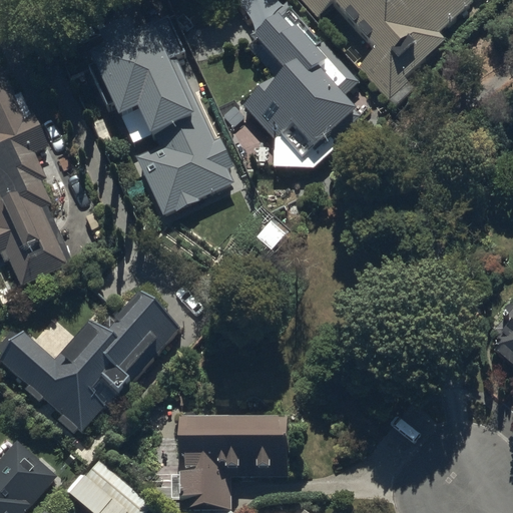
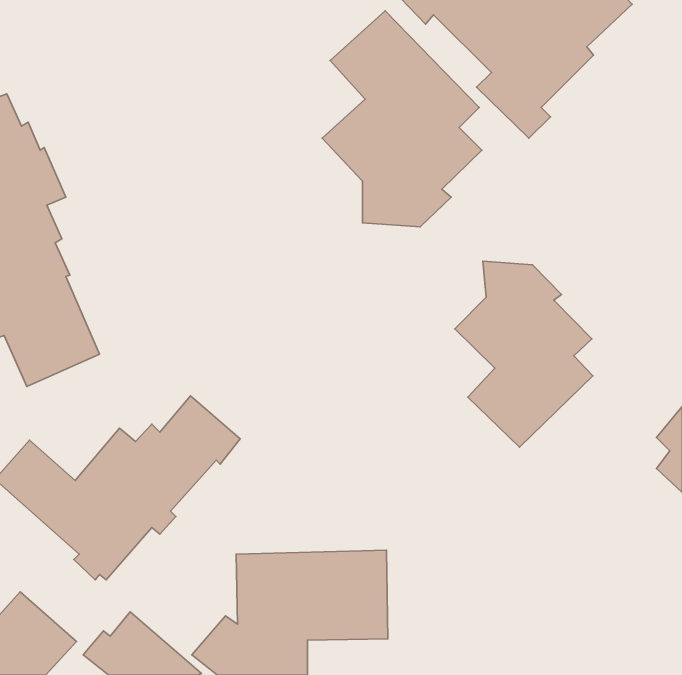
building: [83,8,232,213] -> none
building: none -> [455,261,593,447]

